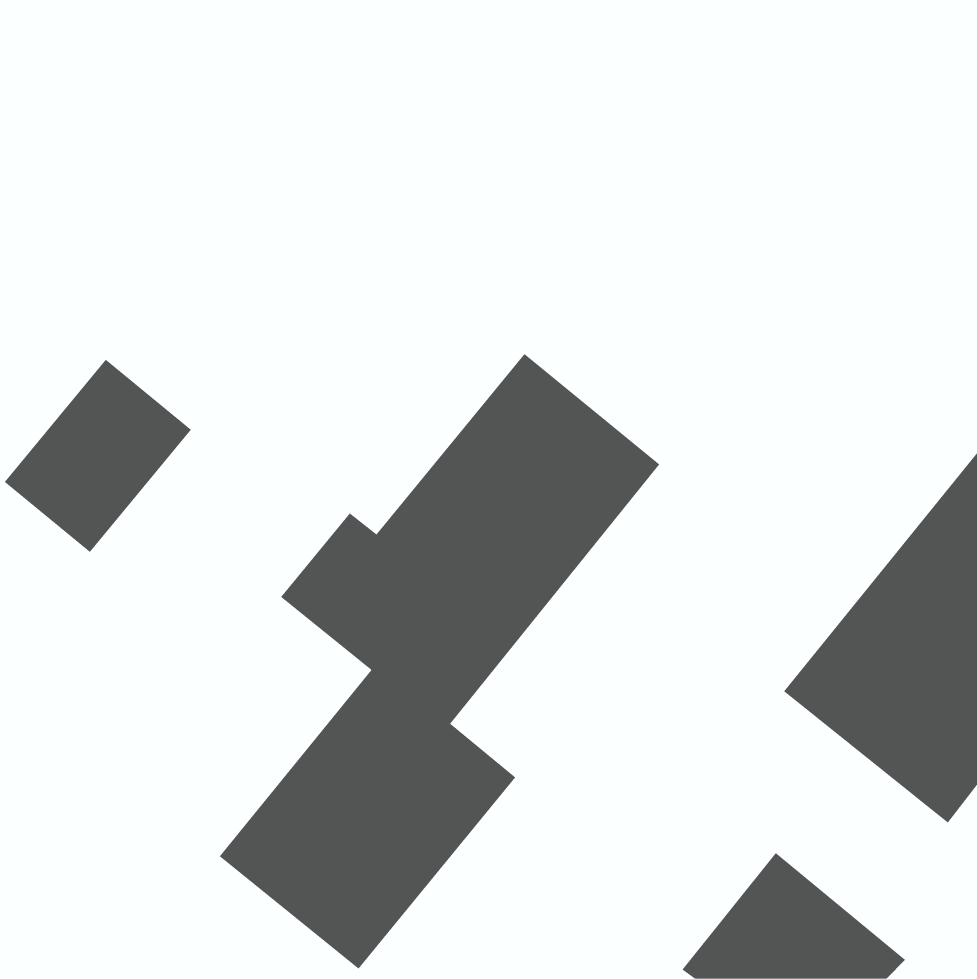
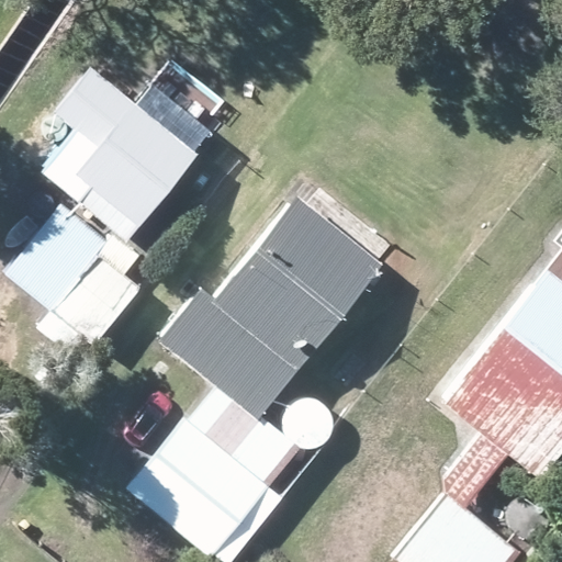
building: none -> [45,68,201,244]

